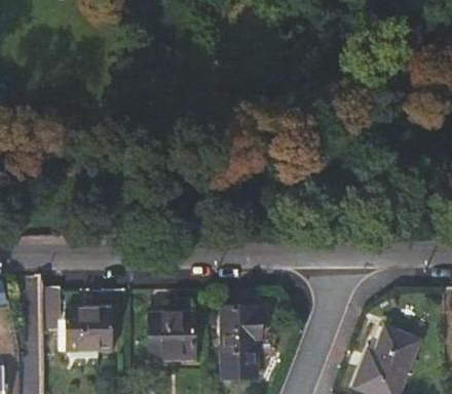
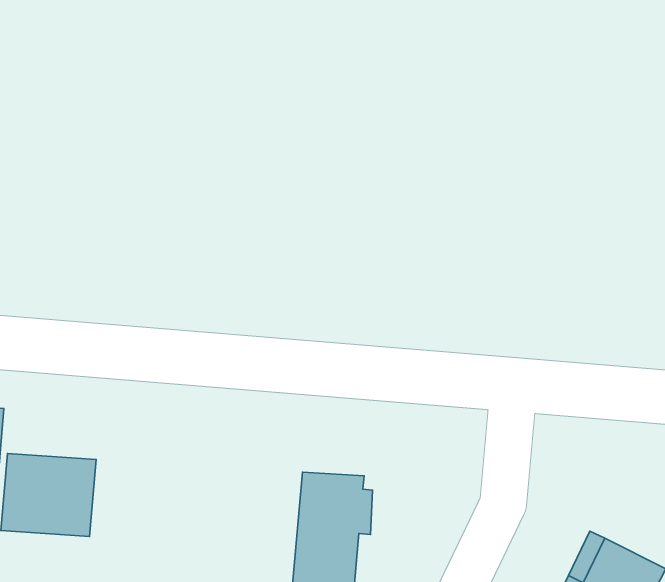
building: [151,313,195,357] -> none

